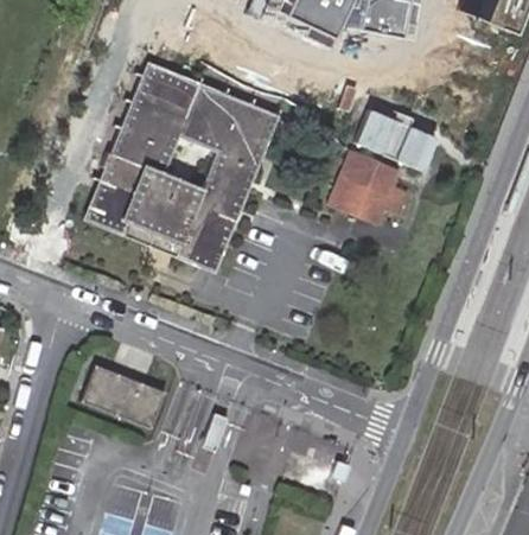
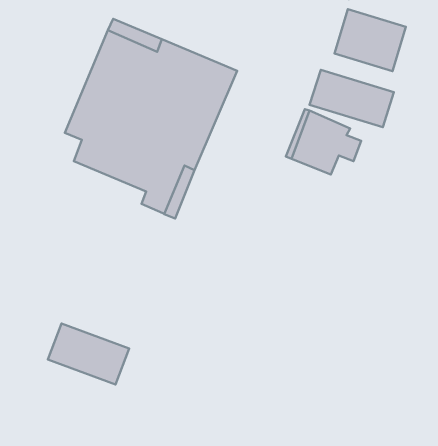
building: none -> [335,9,406,71]
building: [85,176,185,250] -> none

